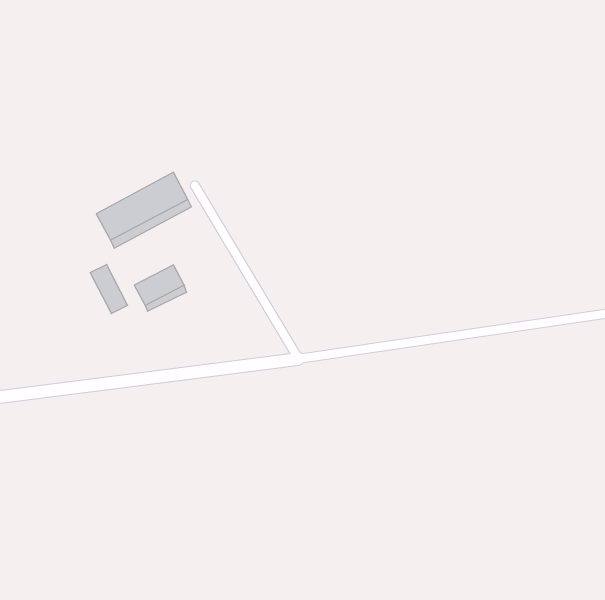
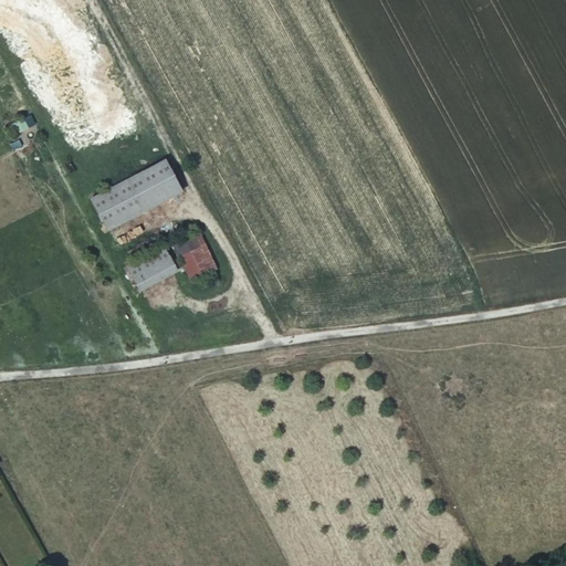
building: none -> [175,231,214,279]
building: [90,264,128,314] -> none

